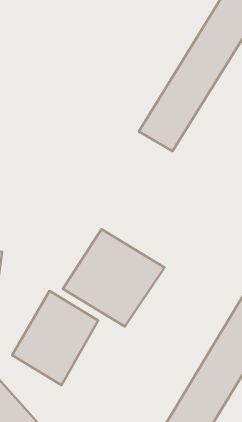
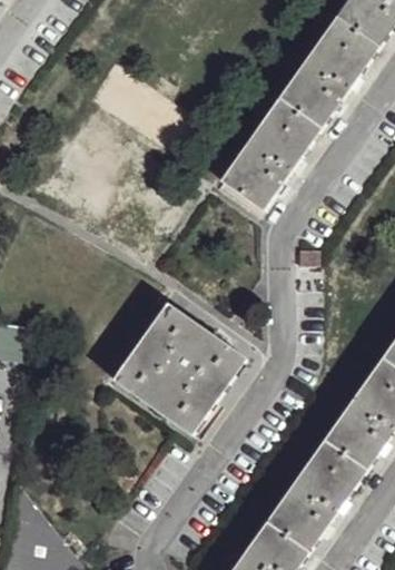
building: [12,291,98,385] -> none

